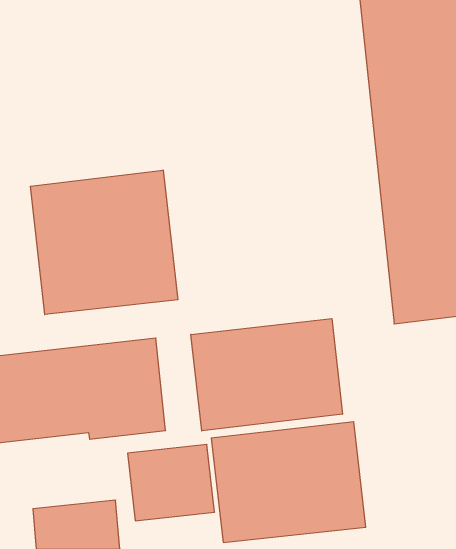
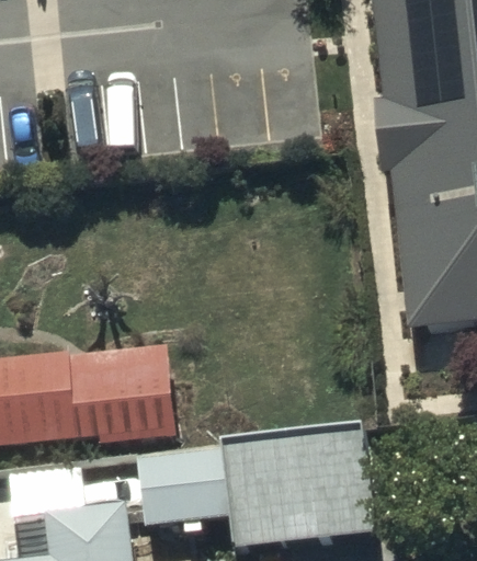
building: [30,170,178,315] -> none
building: [191,319,342,431] -> none

